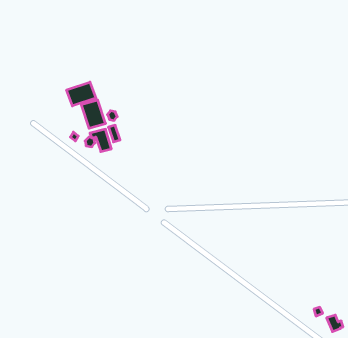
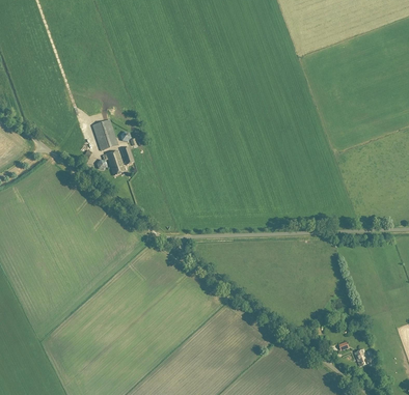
building: [67,82,96,106] -> none

